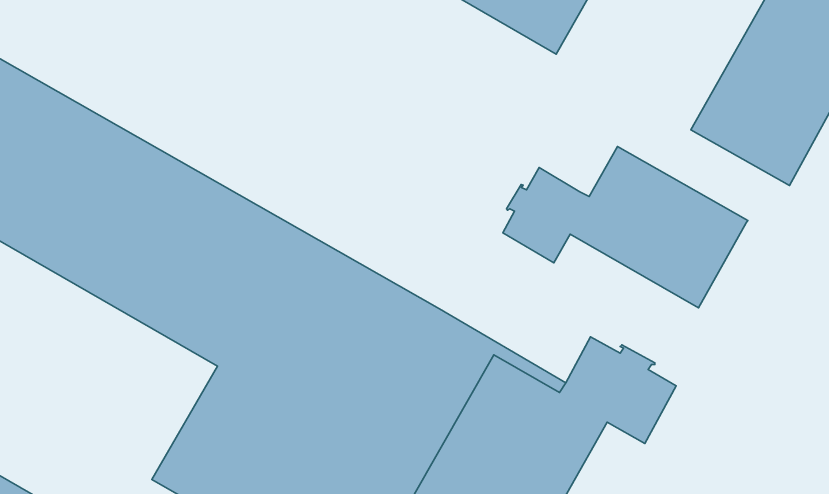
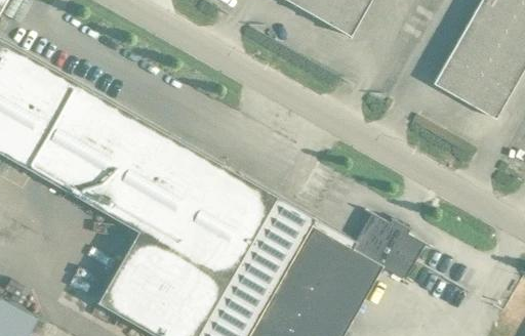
building: [503,146,748,308] -> none

